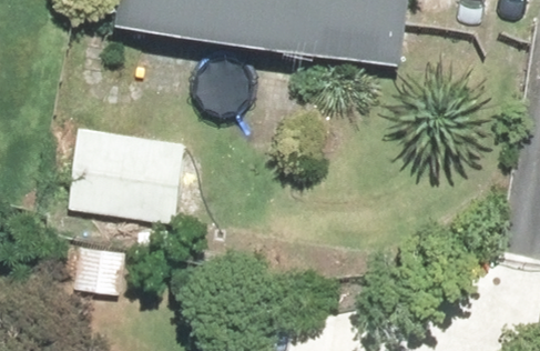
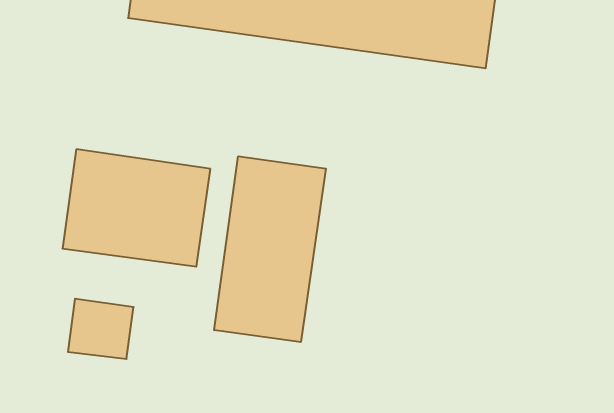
building: none -> [214,156,326,342]

